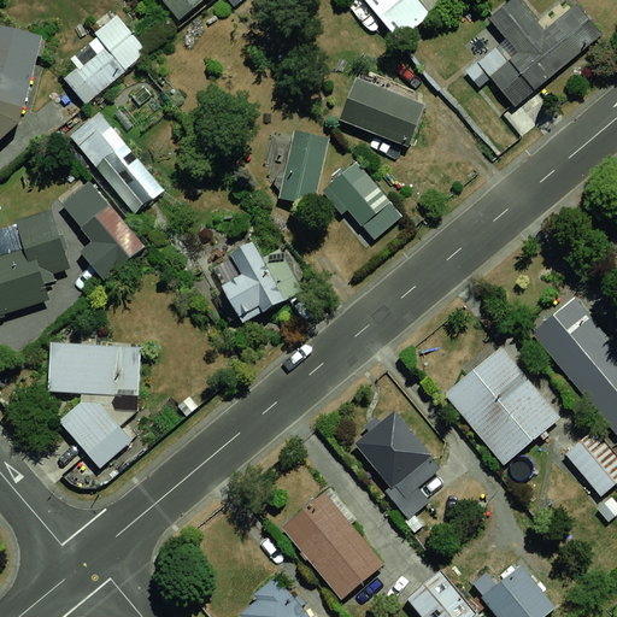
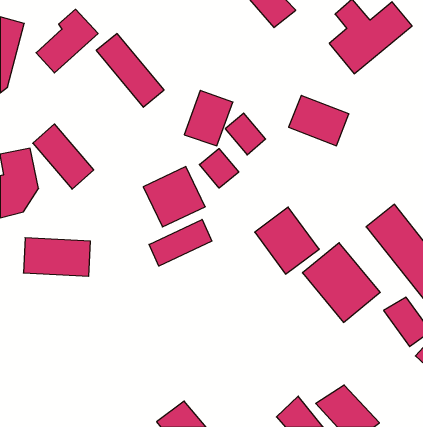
building: [335,72,422,145] -> [289,95,349,146]
building: [66,113,164,219] -> [96,34,164,107]
building: none -> [199,149,239,188]
building: none -> [149,219,212,266]
building: [57,399,129,475] -> none
building: [353,407,446,504] -> [255,207,319,274]
building: [277,495,383,599] -> none

